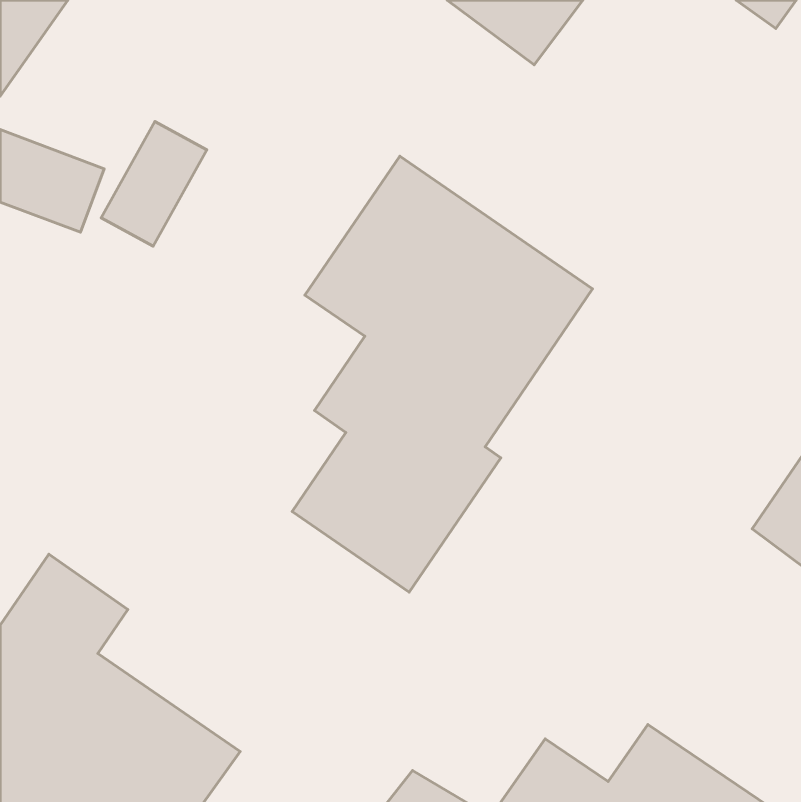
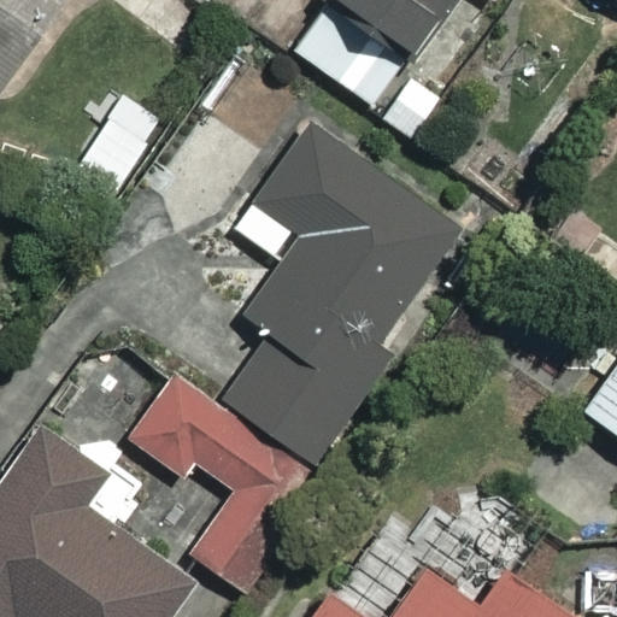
building: none -> [127,369,331,595]

